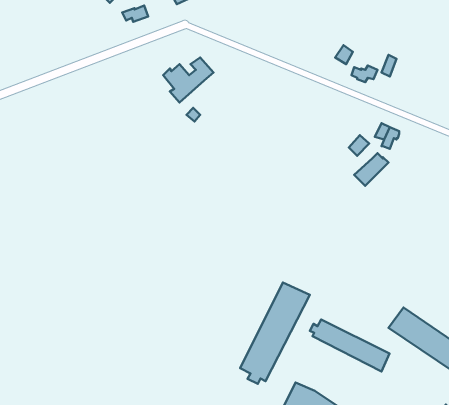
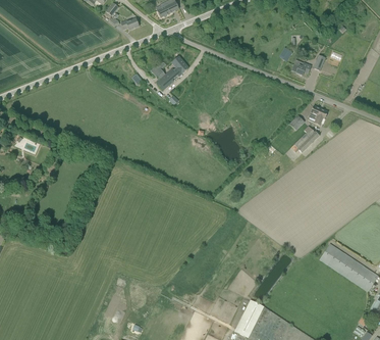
building: [240,283,310,384] -> none
building: [310,319,389,371] -> none

